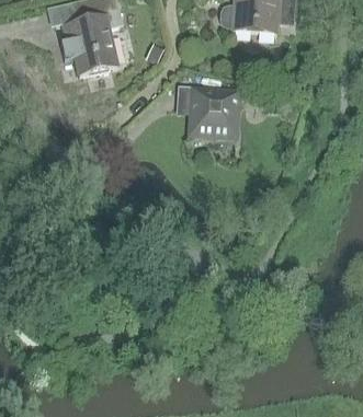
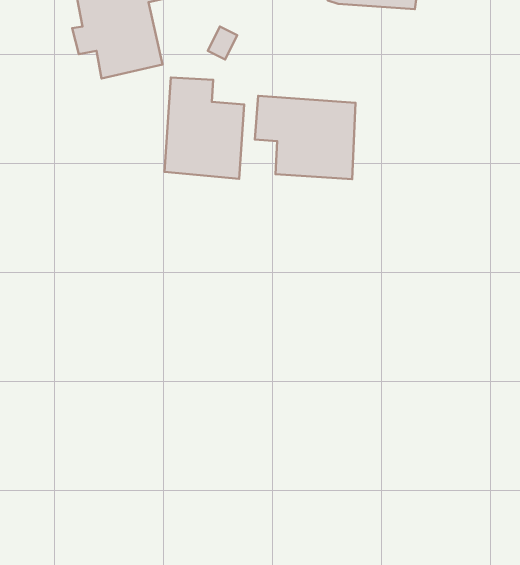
building: none -> [165,78,244,179]

